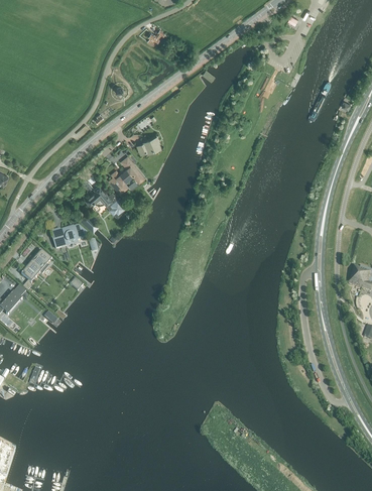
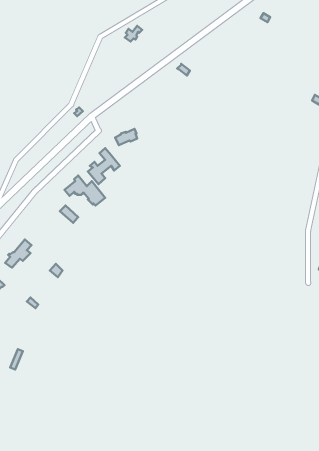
building: [51,225,86,247] -> none

